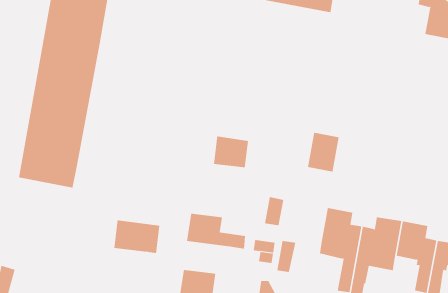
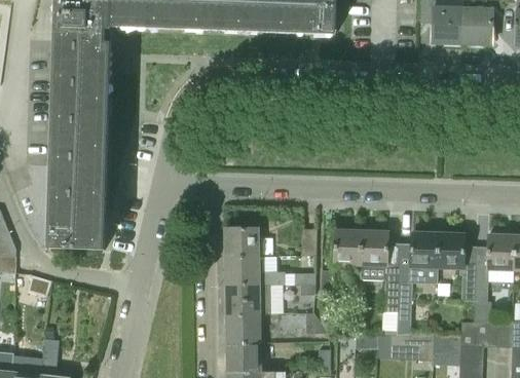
building: [307,132,339,172] -> [333,229,361,266]
building: [213,136,249,168] -> [224,228,258,257]
building: [114,220,160,254] -> [225,285,270,314]

